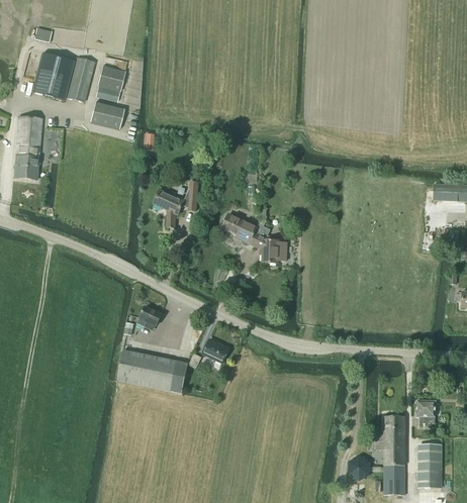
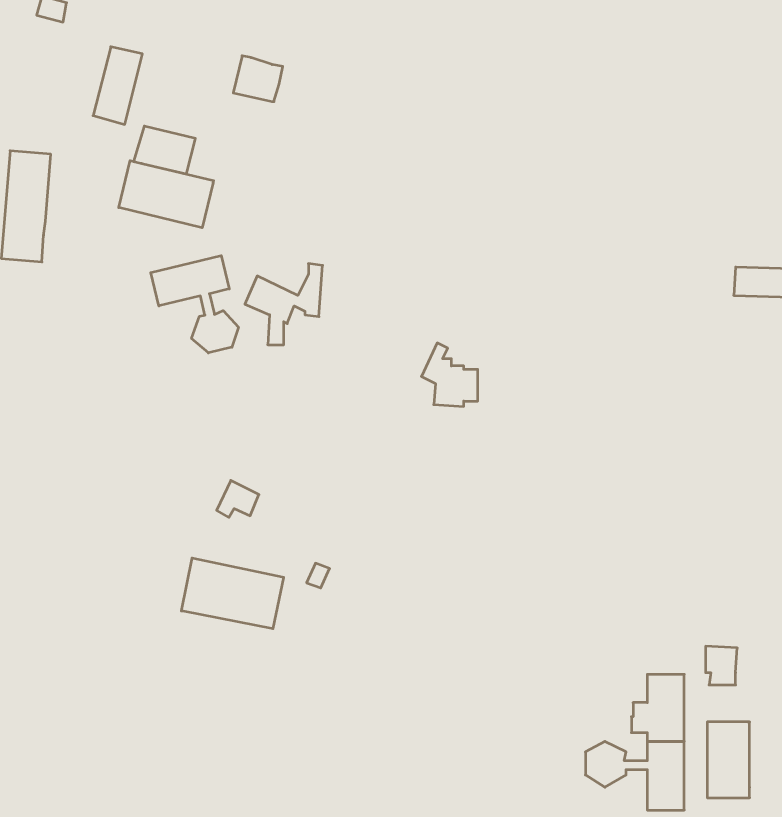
building: [31,53,74,100] -> none
building: [97,65,125,91] -> [233,56,283,102]
building: none -> [119,161,214,228]
building: none -> [151,256,238,353]
building: [221,213,263,245] -> none
building: [202,338,229,363] -> none

